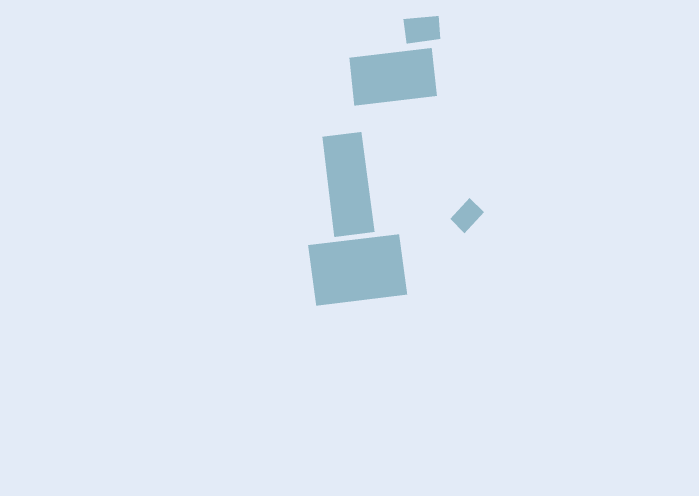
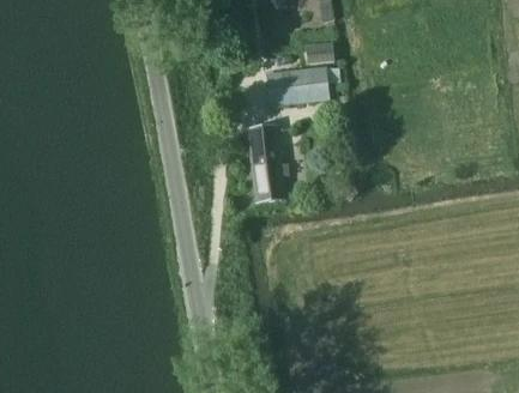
building: [308,233,408,306] -> none

